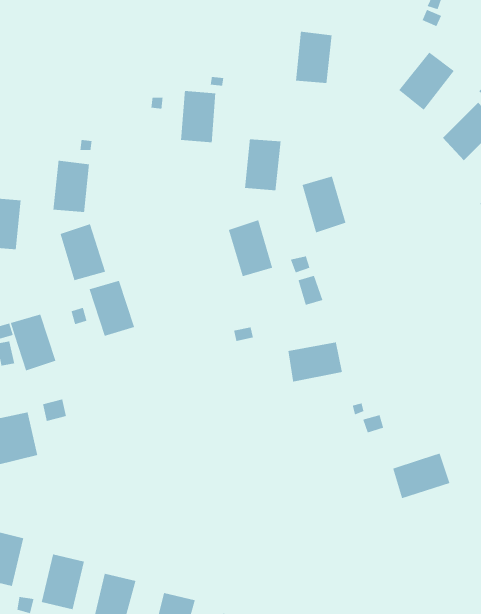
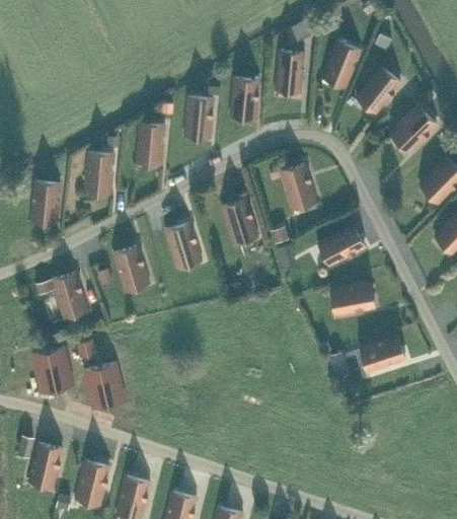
building: none -> [321,42,360,88]
building: none -> [136,125,164,166]
building: [244,138,281,191] -> [229,79,258,121]
building: [60,223,106,281] -> [165,224,202,270]
building: none -> [317,226,365,268]
building: [287,341,343,383] -> [330,285,374,317]
building: none -> [81,365,122,406]
building: [392,453,450,499] -> [360,338,405,374]

